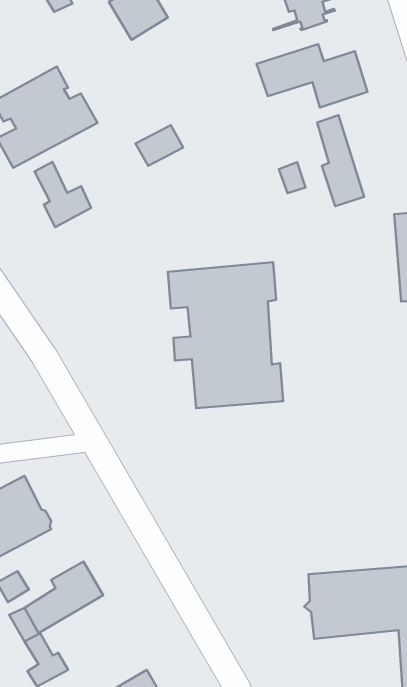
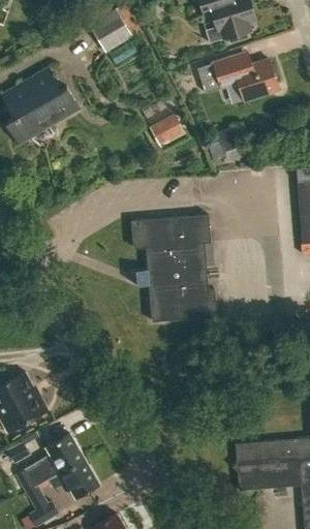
building: [317,115,364,206] -> none
building: [136,125,183,166] -> [149,115,184,145]
building: [34,162,91,227] -> none
building: none -> [49,459,98,498]

